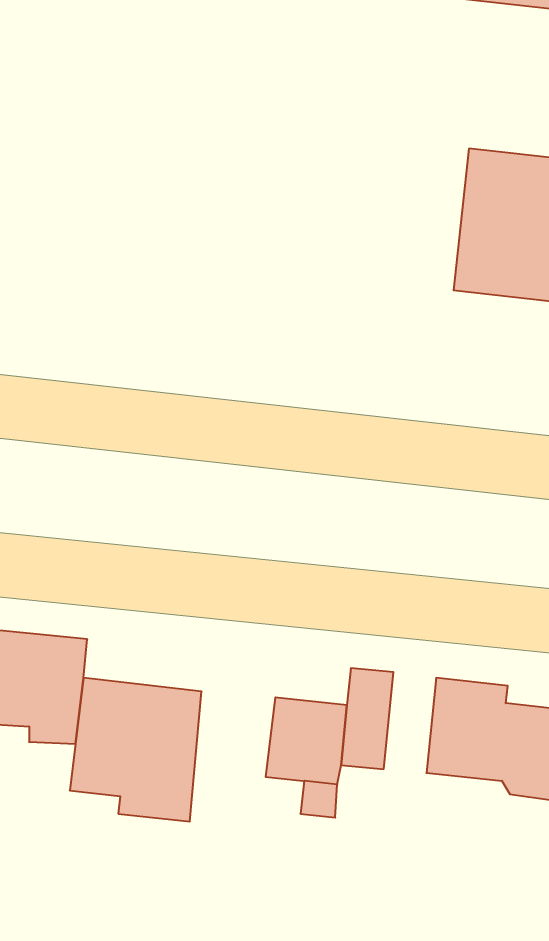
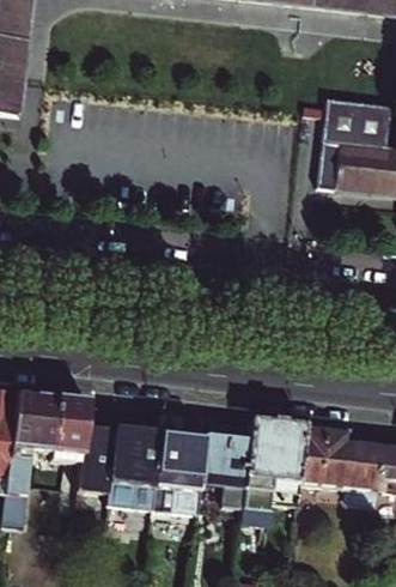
building: none -> [270,419,305,504]
building: none -> [153,431,206,516]

